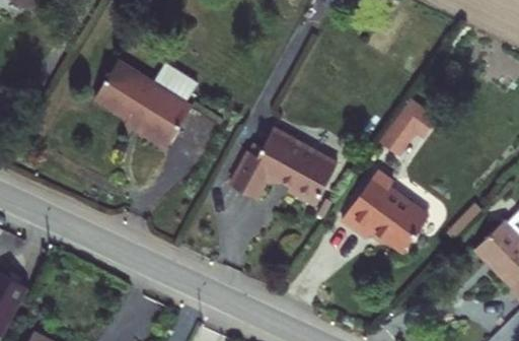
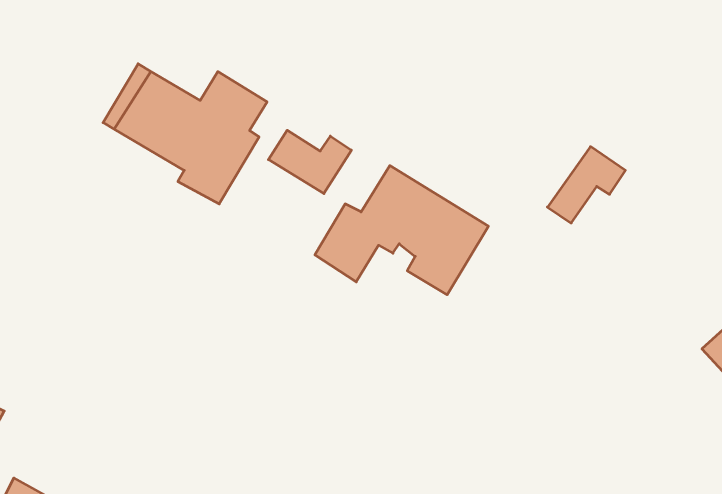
building: none -> [268,130,351,194]
building: [340,175,424,255] -> none

